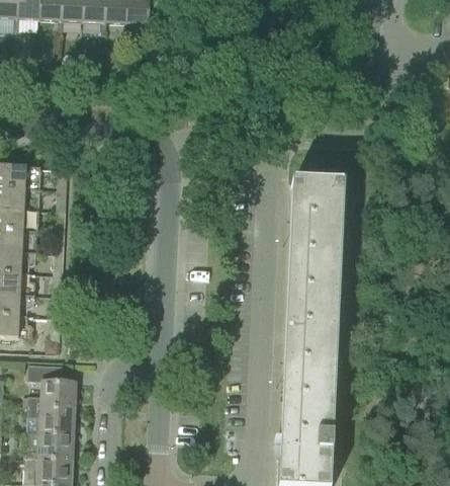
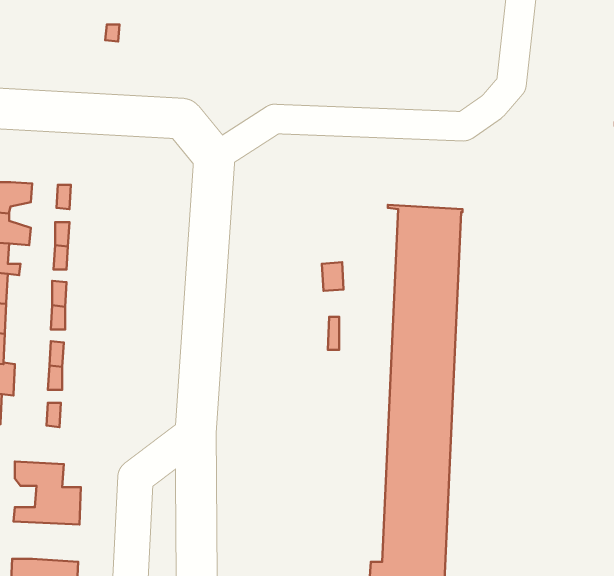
building: [26,406,73,434] -> none

